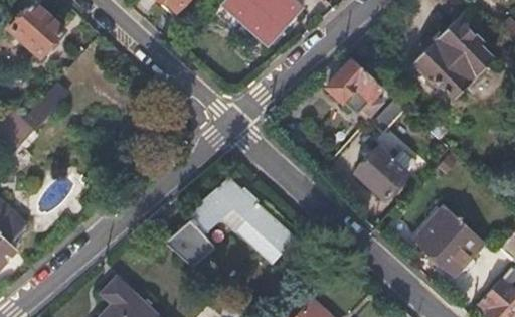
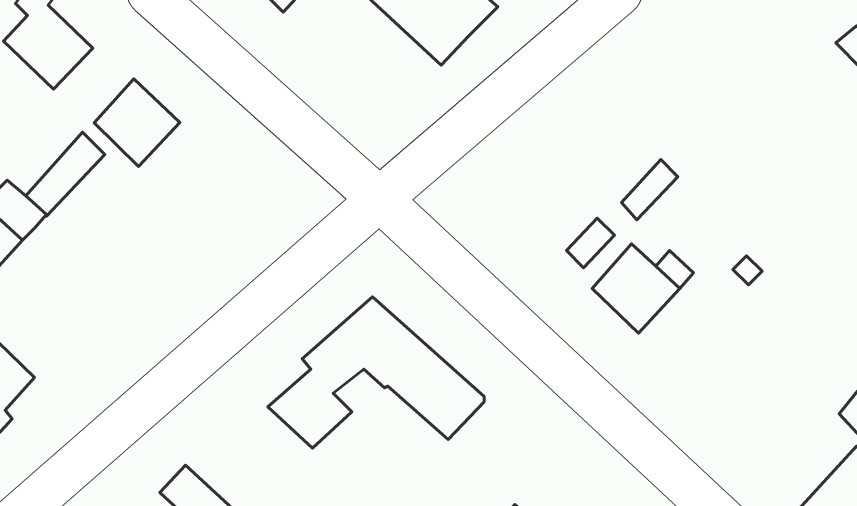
building: [413,18,493,98] -> none
building: none -> [94,79,180,166]
building: [318,51,384,116] -> none
building: [416,207,483,275] -> none

